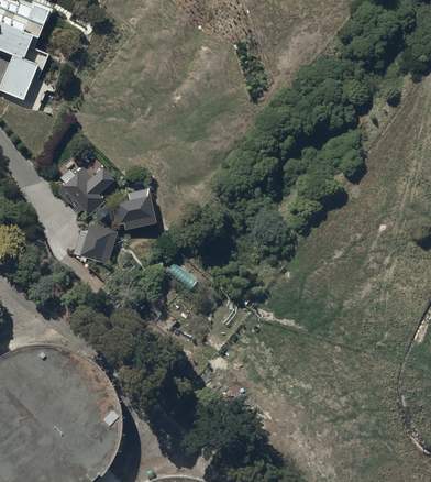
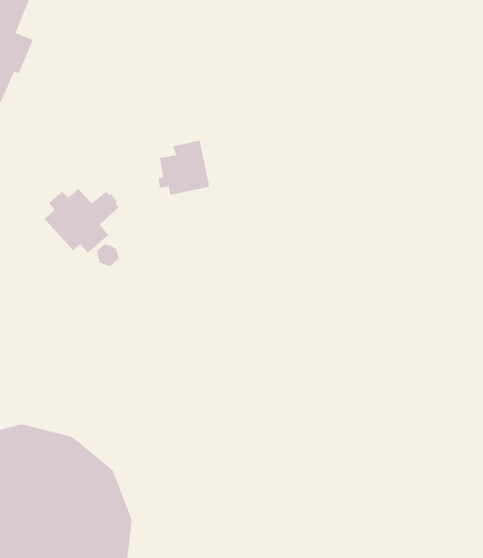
building: [117,187,156,229] -> [158,140,210,196]
building: [74,222,118,263] -> none

